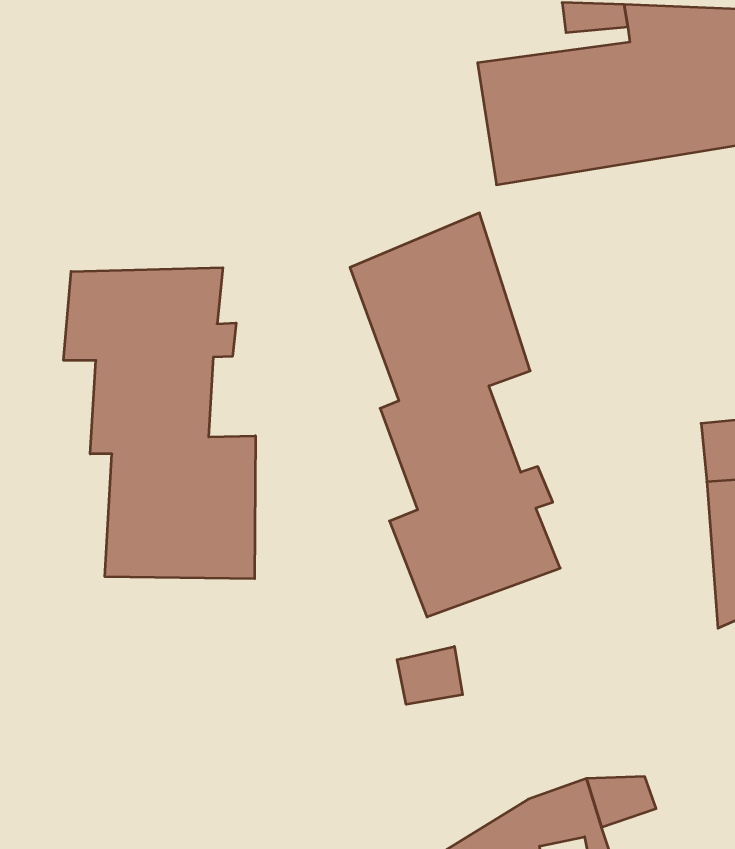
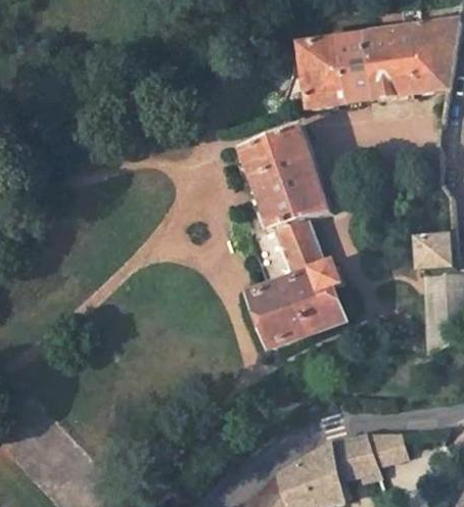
building: [64,268,255,579] -> none
building: [397,646,463,704] -> none

